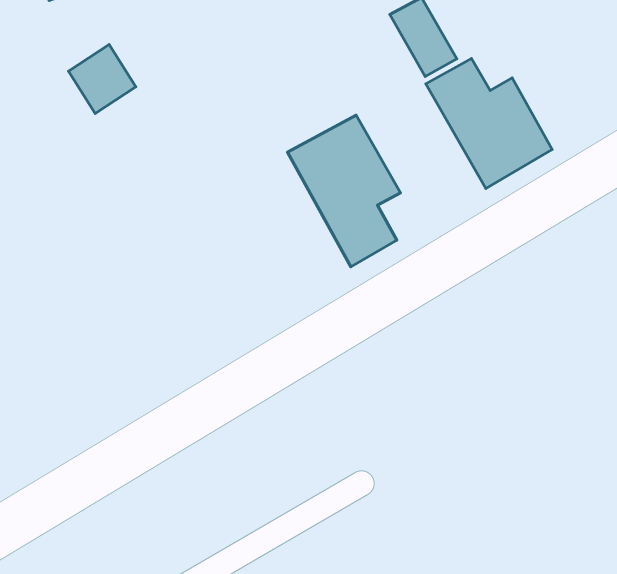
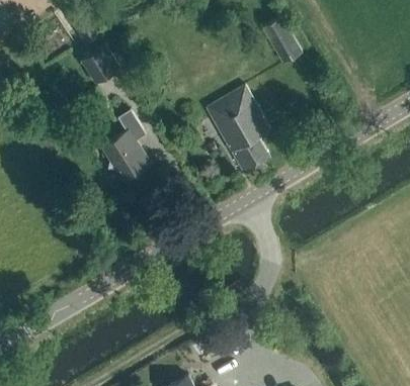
building: [426,59,552,188] -> none
building: none -> [99,111,152,183]

